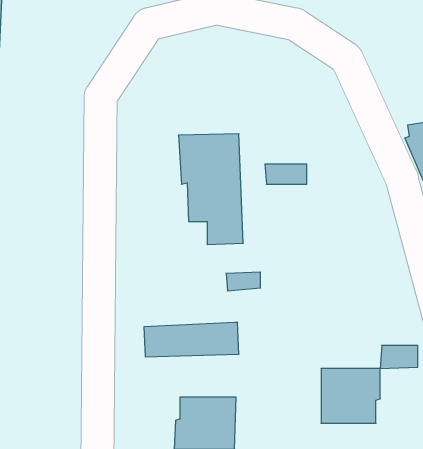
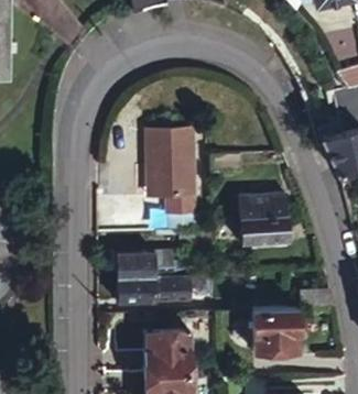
building: none -> [241,193,289,238]
building: none -> [118,250,188,277]

